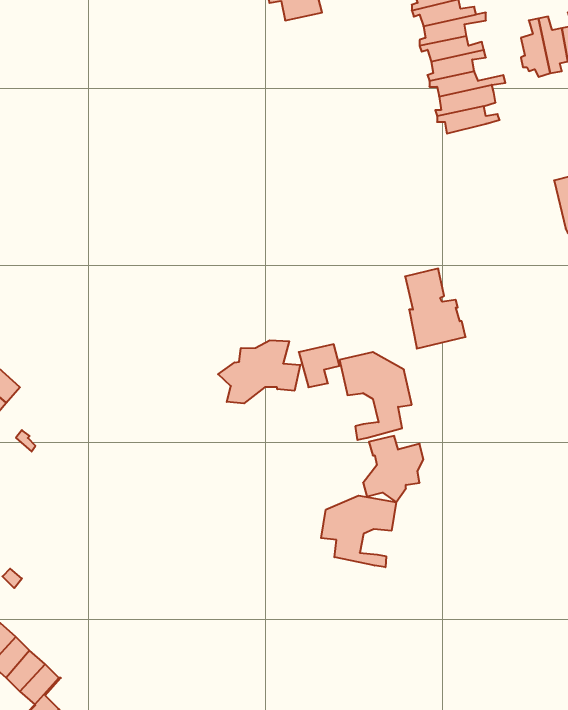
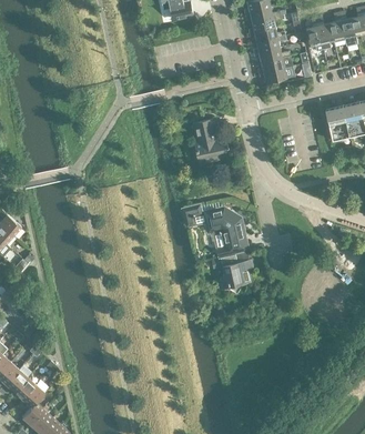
building: [405,269,466,349] -> [194,119,229,164]
building: [218,340,300,403] -> none
building: [321,496,396,567] -> none

